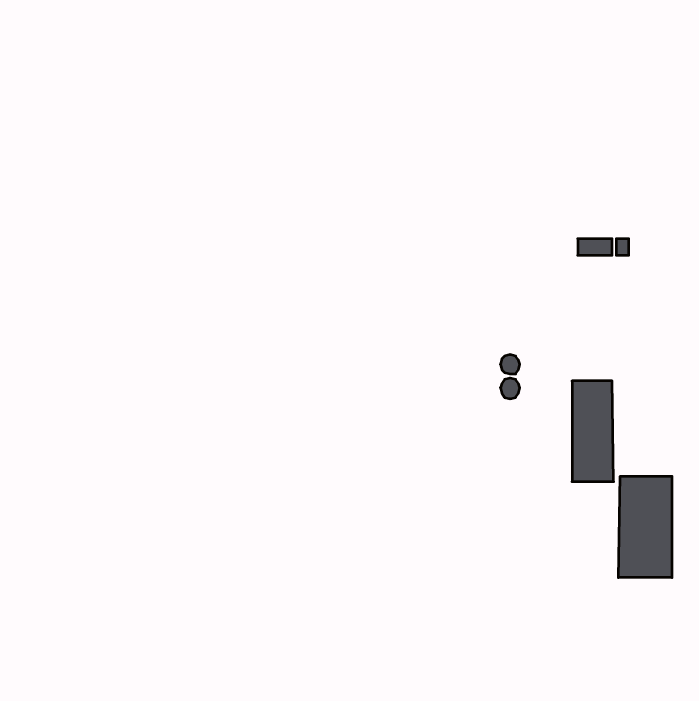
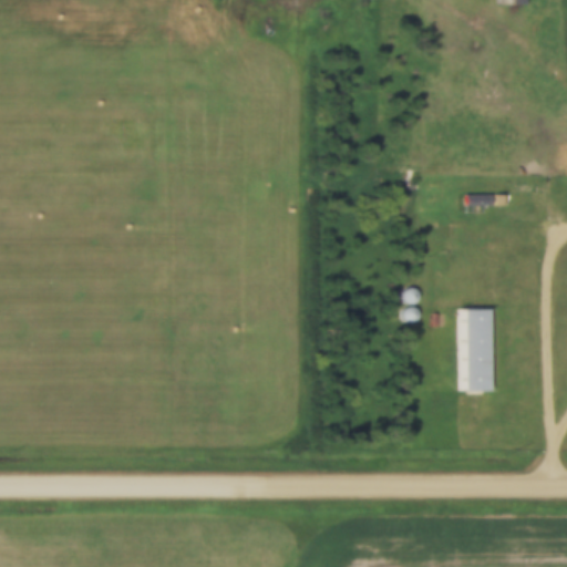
building: [618,476,672,578] -> none

